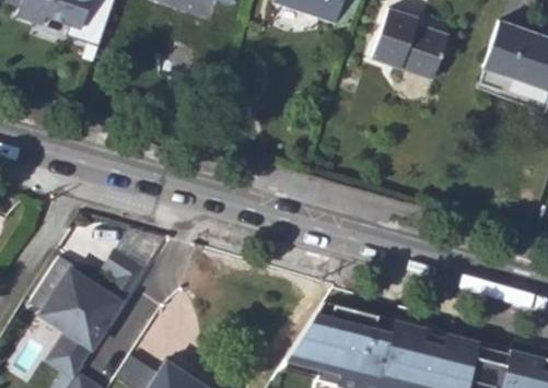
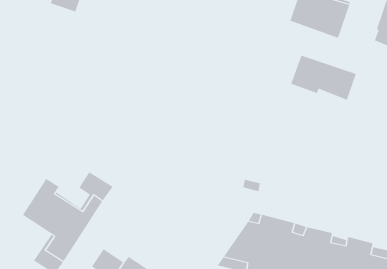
building: none -> [290,55,357,100]

